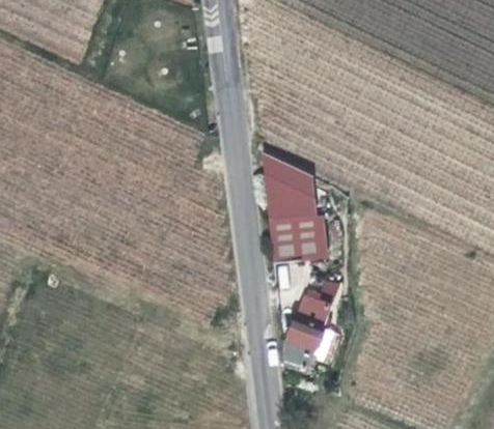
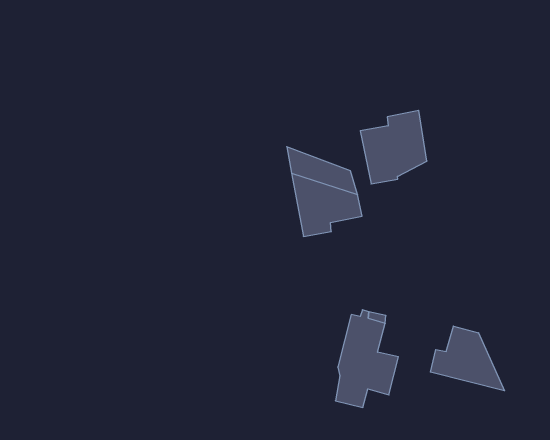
building: [270,212,322,268] -> [360,110,427,184]
building: none -> [430,326,505,391]

